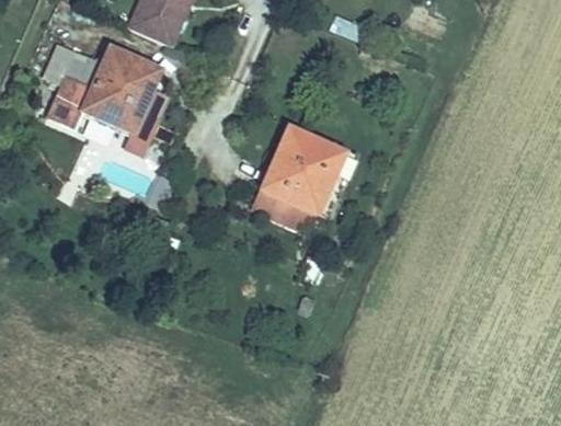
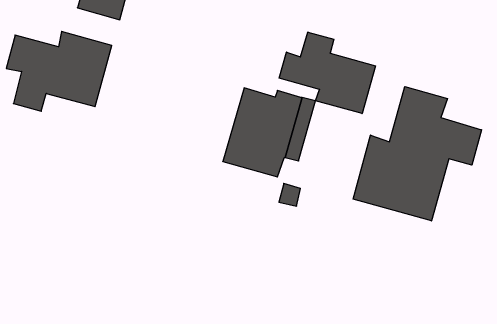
building: none -> [279,32,375,114]
building: none -> [353,87,482,221]

